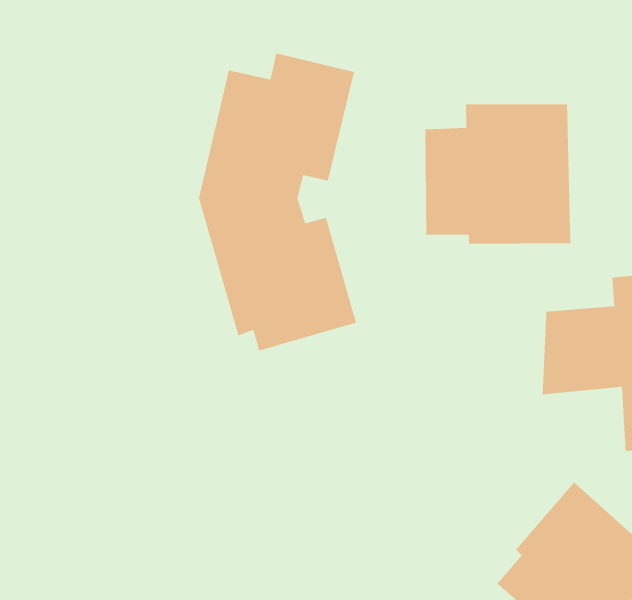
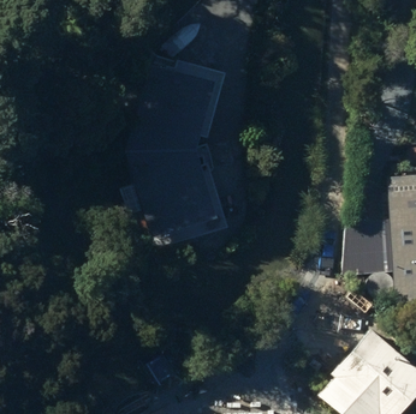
building: [425,103,571,244] -> none

